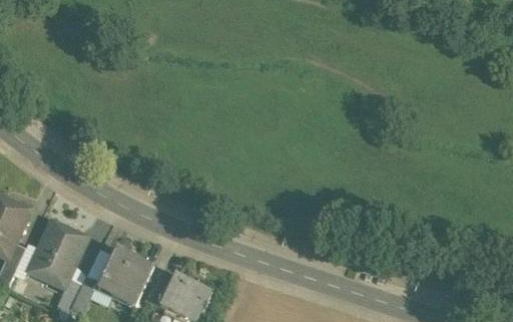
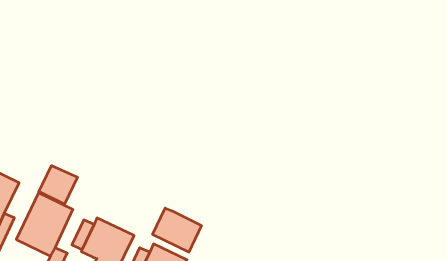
building: none -> [39,166,77,204]
building: none -> [153,208,201,252]

